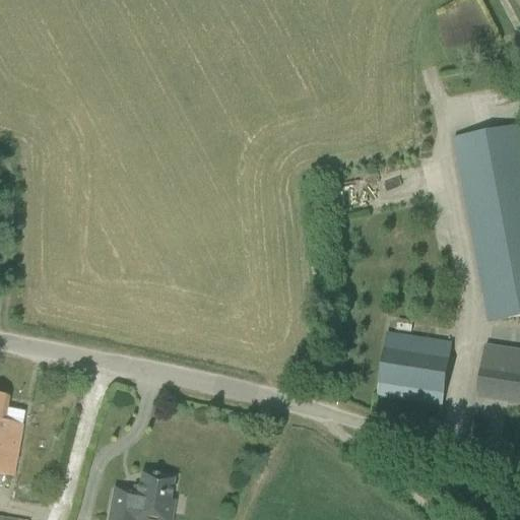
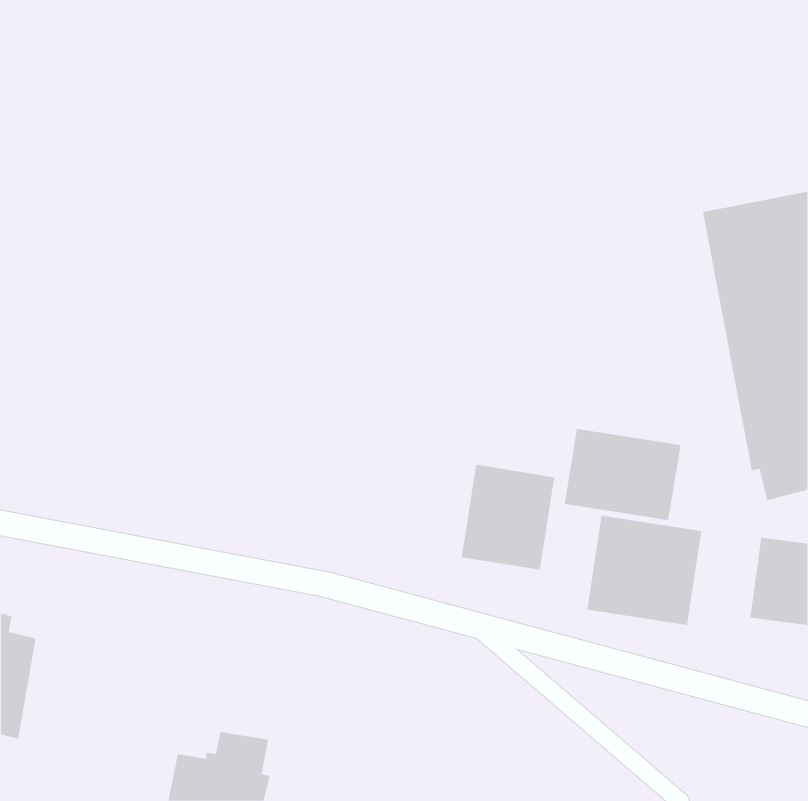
building: none -> [564,428,681,521]
building: none -> [461,464,555,571]

